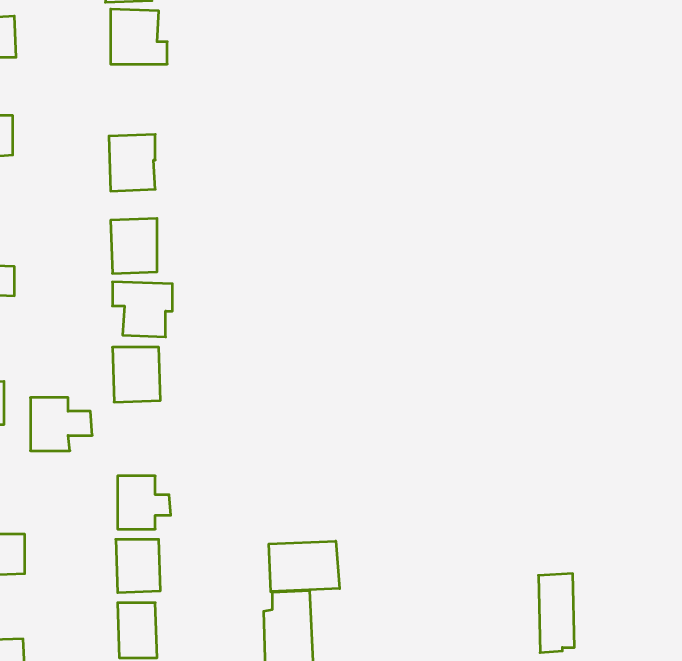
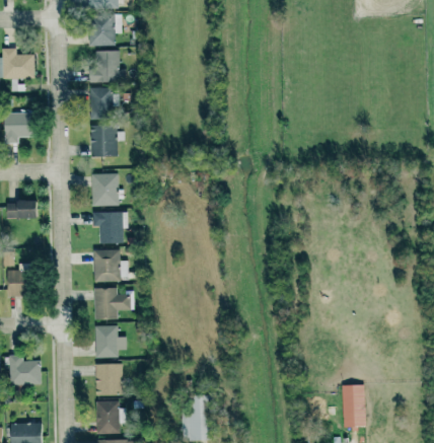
building: none -> [89,88,120,118]
building: [30,398,92,451] -> [94,287,131,318]
building: [269,541,340,592] -> none

